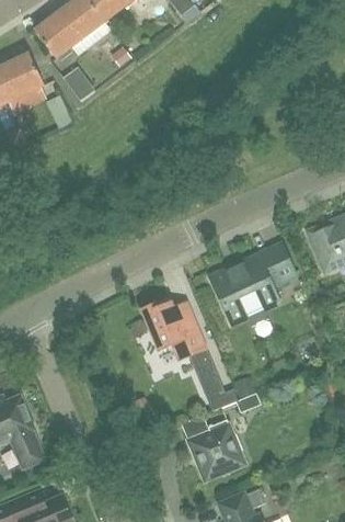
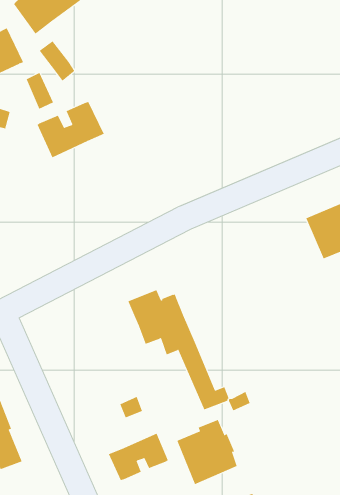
building: none -> [37,101,104,158]
building: [210,245,295,322] -> none
building: none -> [108,433,169,481]

